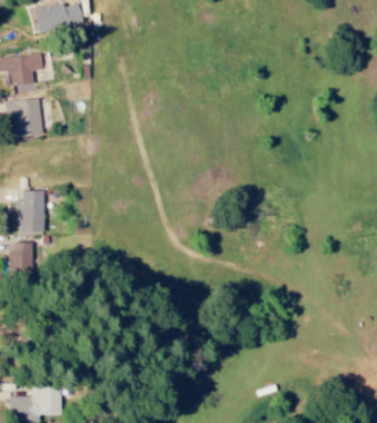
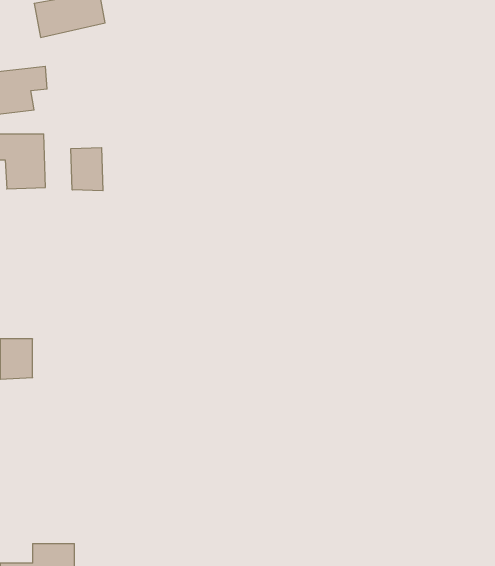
building: none -> [71,148,103,191]
building: [17,189,43,232] -> none

